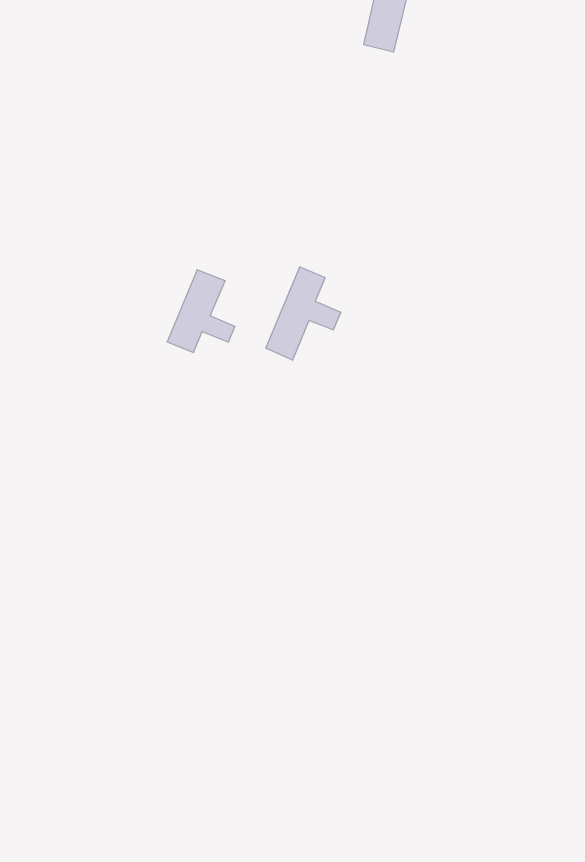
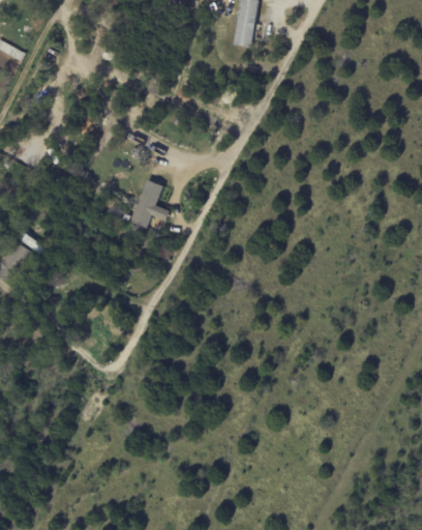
building: [266,267,341,360] -> none

